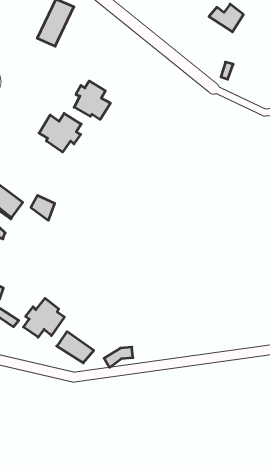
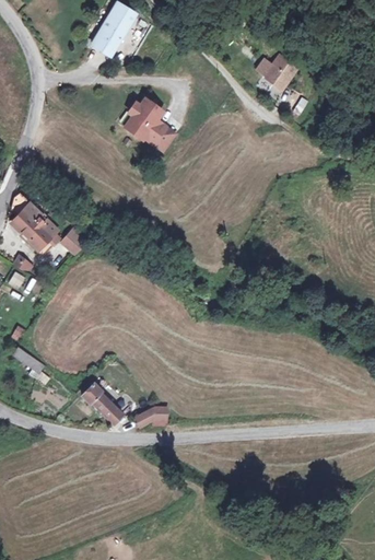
building: [209,4,243,32] -> [256,55,295,86]
building: [39,113,81,152] -> none
building: [23,298,64,337] -> none

